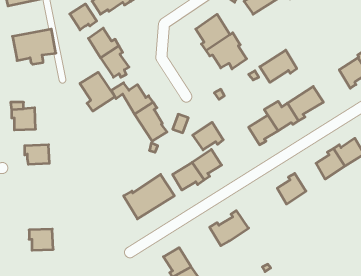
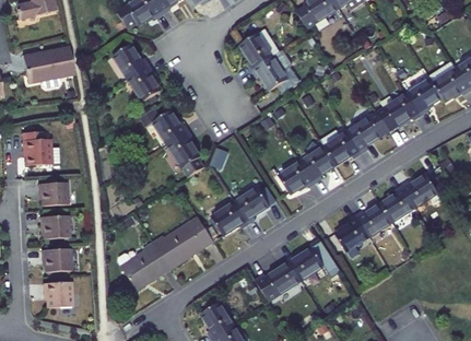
building: [70,4,97,30] -> none
building: [260,50,297,82] -> [378,93,422,131]
building: [80,72,115,111] -> none
building: [193,122,223,150] -> [279,161,315,193]
building: none -> [356,203,392,236]
building: none -> [38,214,69,237]
building: none -> [287,238,338,280]
building: none -> [121,242,170,290]
building: none -> [40,247,70,271]

